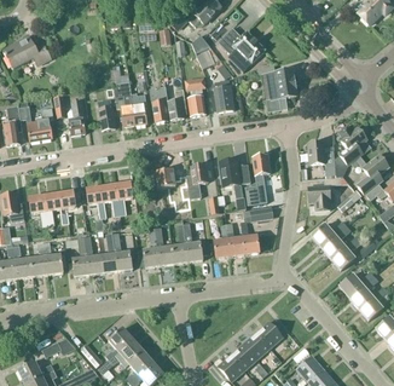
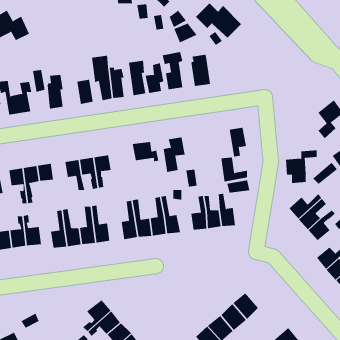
building: [256,64,296,111] -> none
building: [307,142,336,177] -> none
building: [216,159,249,198] -> none

